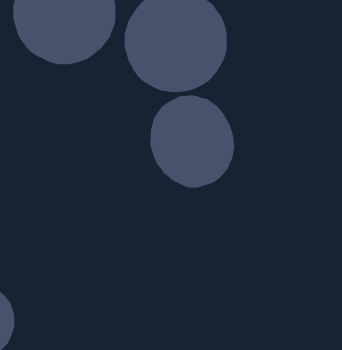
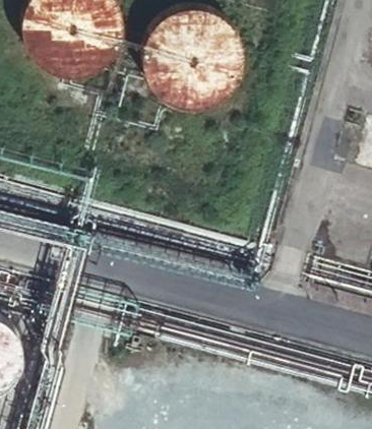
building: [150,95,235,189] -> none

